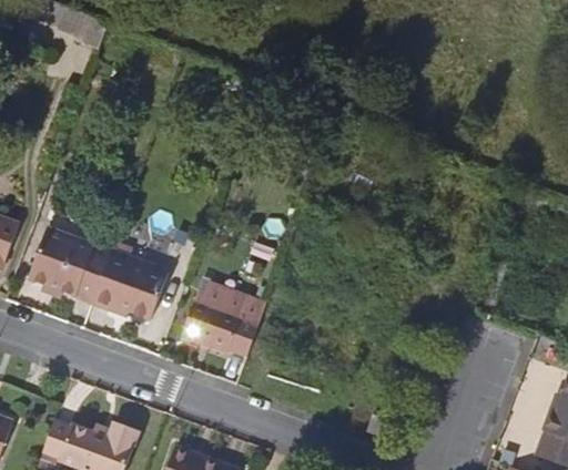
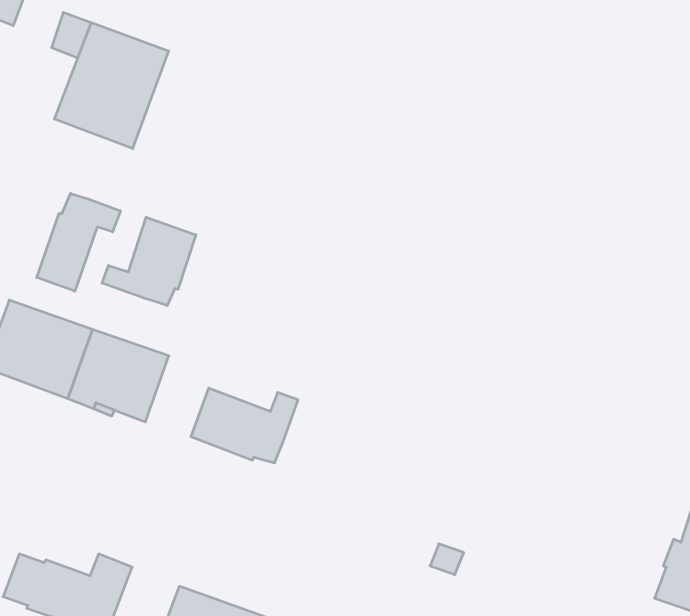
building: none -> [54,23,169,149]
building: none -> [37,193,120,291]
building: none -> [102,217,196,306]

